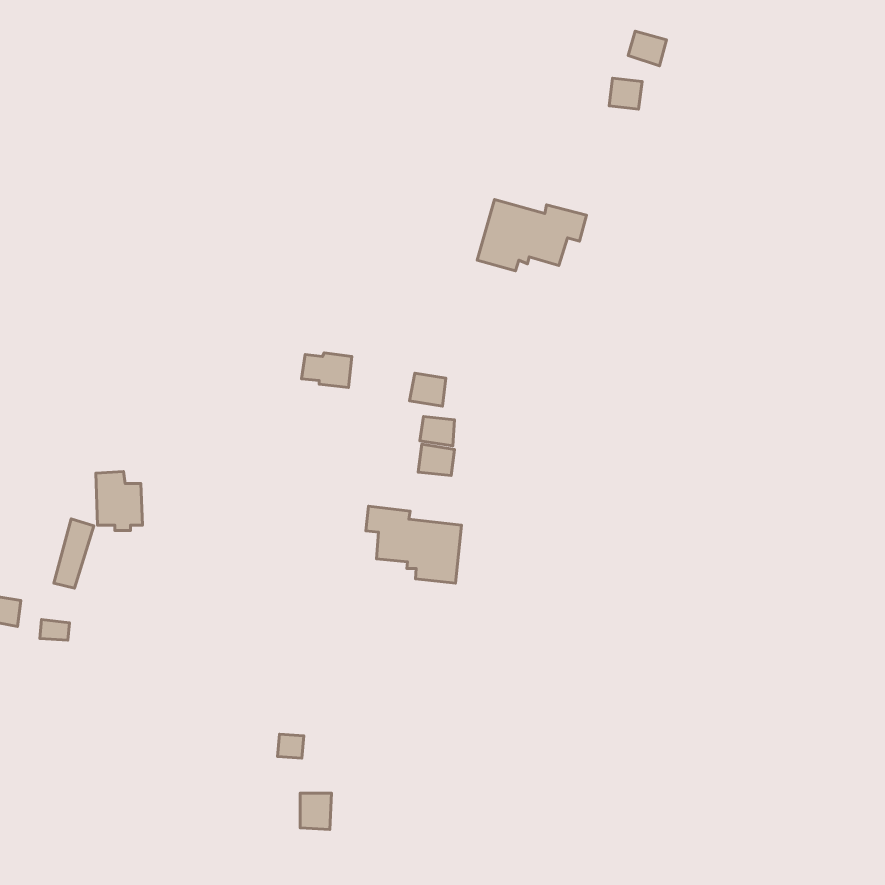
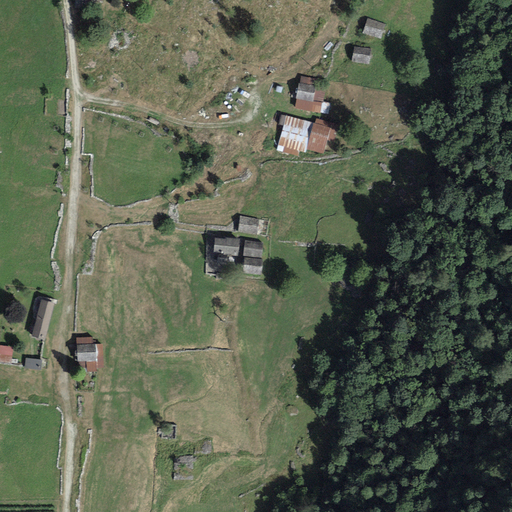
building: none -> [293,74,329,113]
building: [302,353,352,388] -> [212,236,241,256]
building: [96,471,143,530] -> [75,336,102,370]
building: [366,506,461,583] -> none

